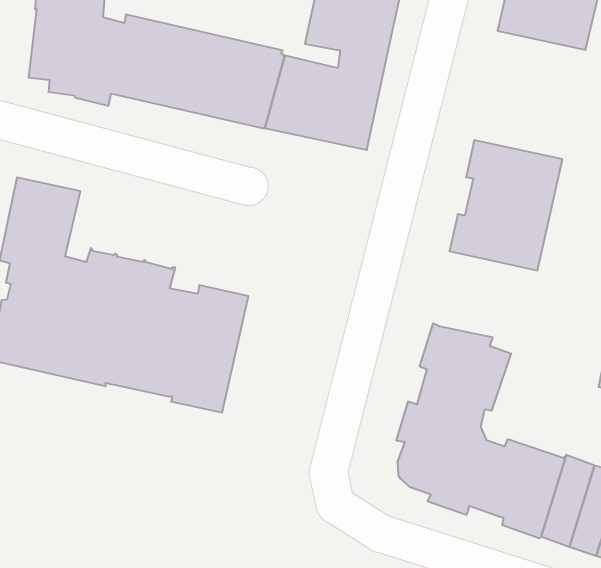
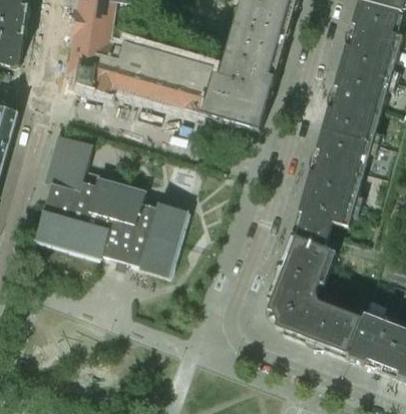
building: none -> [321,64,388,140]
building: none -> [295,189,353,241]

